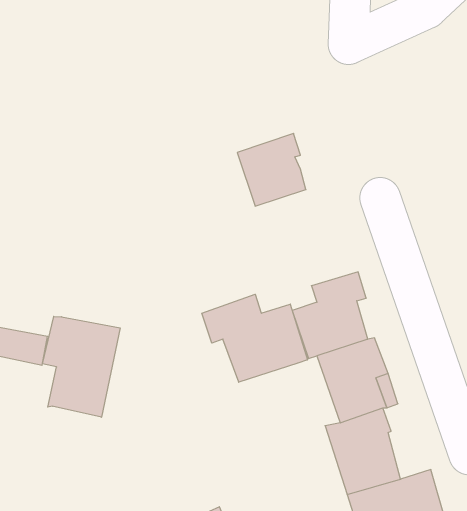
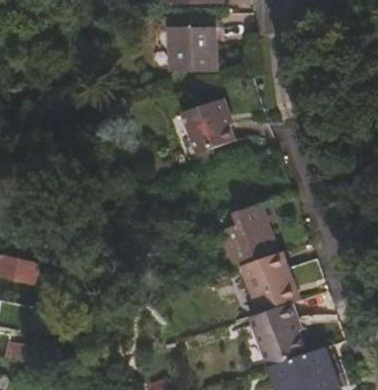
building: none -> [166,26,212,73]
building: [202,294,307,382] -> none
building: [42,316,120,417] -> none

